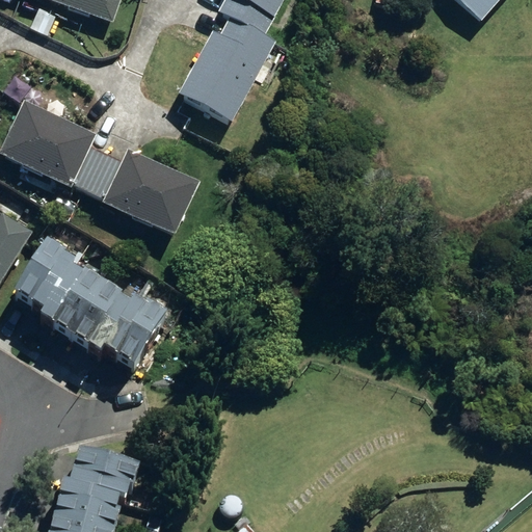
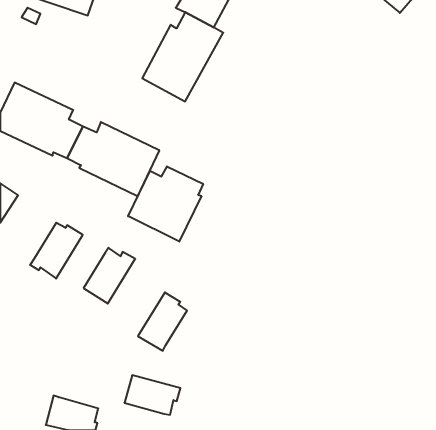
building: none -> [128,166,203,242]
building: [16,240,77,312] -> none
building: [73,284,132,354] -> [138,292,187,351]
building: [76,447,143,495] -> [124,375,180,415]

